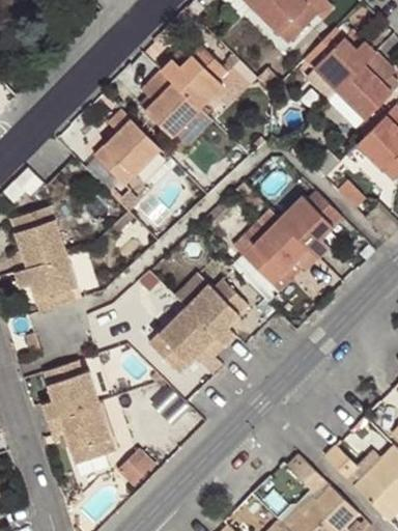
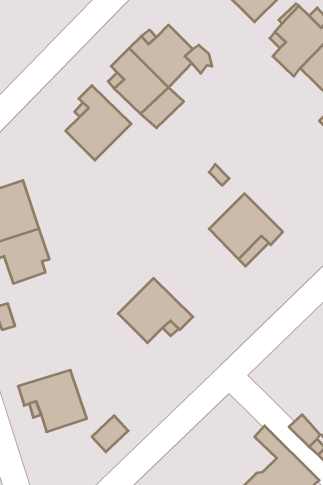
building: [279,192,344,258] -> none
building: [176,273,250,345] -> none
building: [41,359,101,417] -> none

